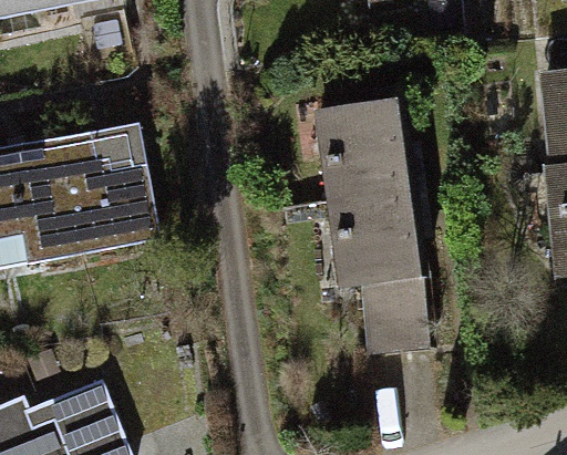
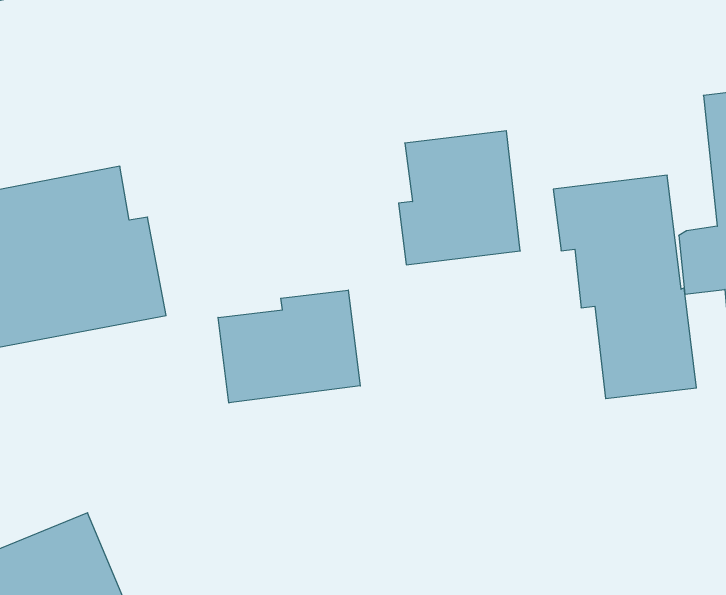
building: [330,192,433,352] -> [553,175,696,399]
building: none -> [218,290,360,403]

